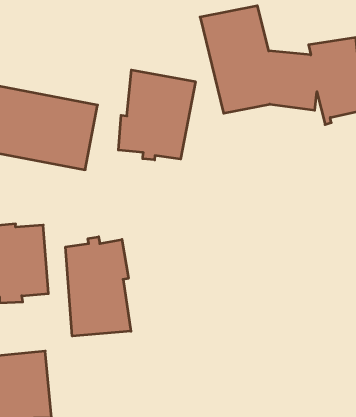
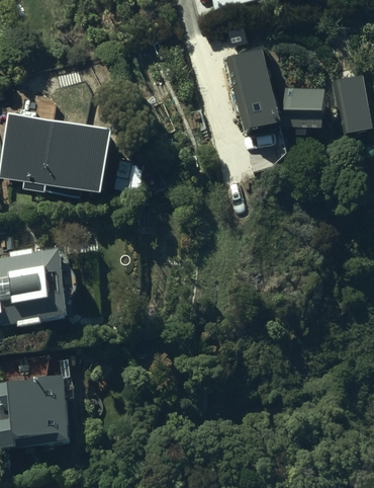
building: [118,70,195,160] -> none
building: [66,237,131,336] -> none

